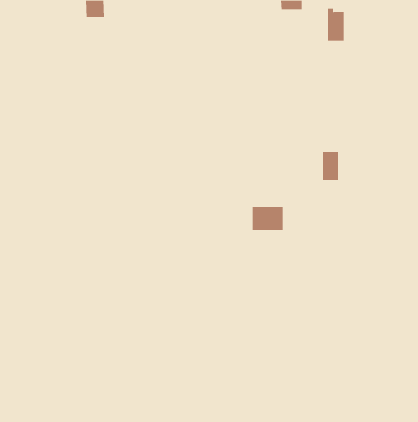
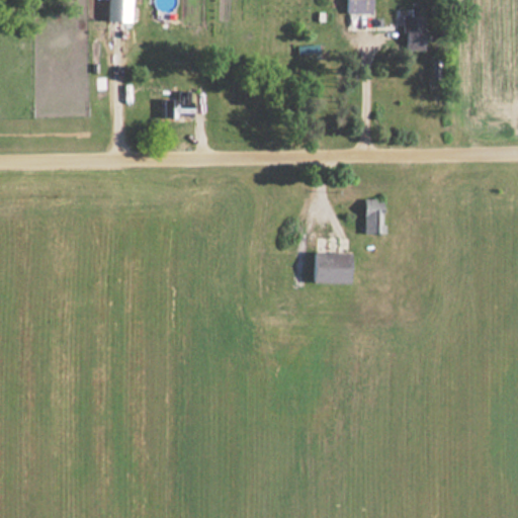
building: none -> [166,91,194,118]
building: [322,151,339,180] -> [365,199,385,235]

